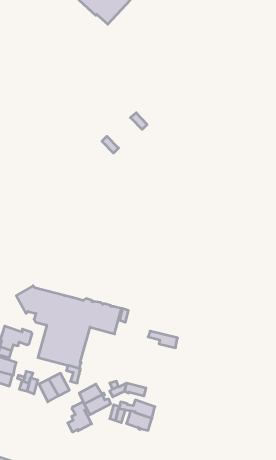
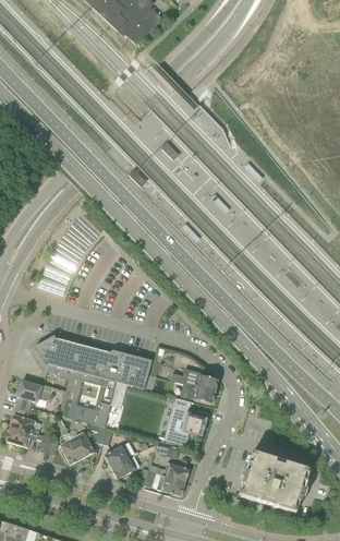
building: none -> [173,368,218,393]
building: none -> [168,398,207,443]
building: none -> [242,453,307,512]
building: [68,402,92,432] -> none

